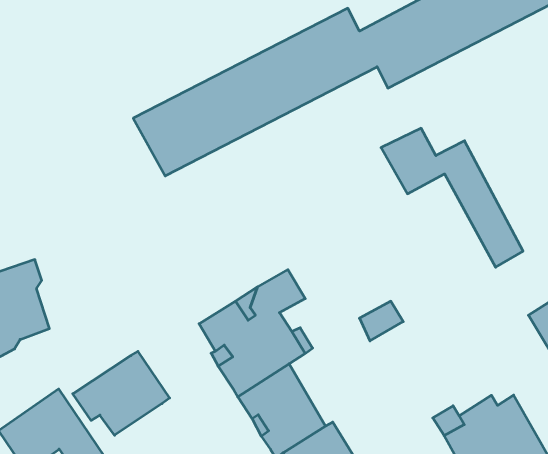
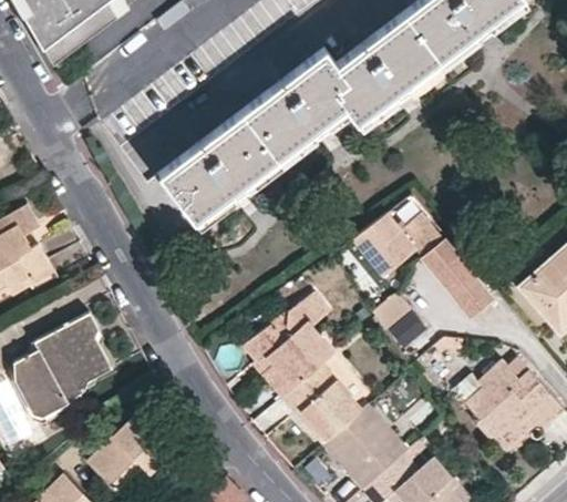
building: [381,128,523,267] -> [357,213,492,320]
building: [73,351,170,435] -> none

